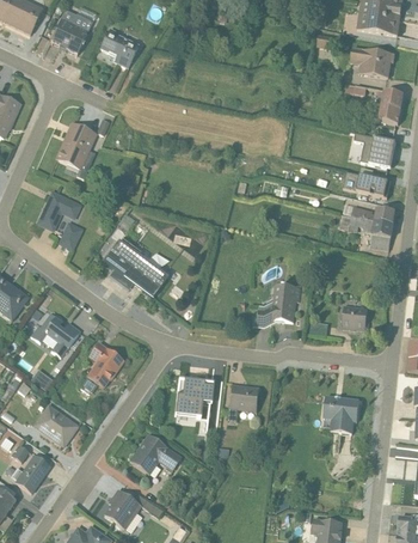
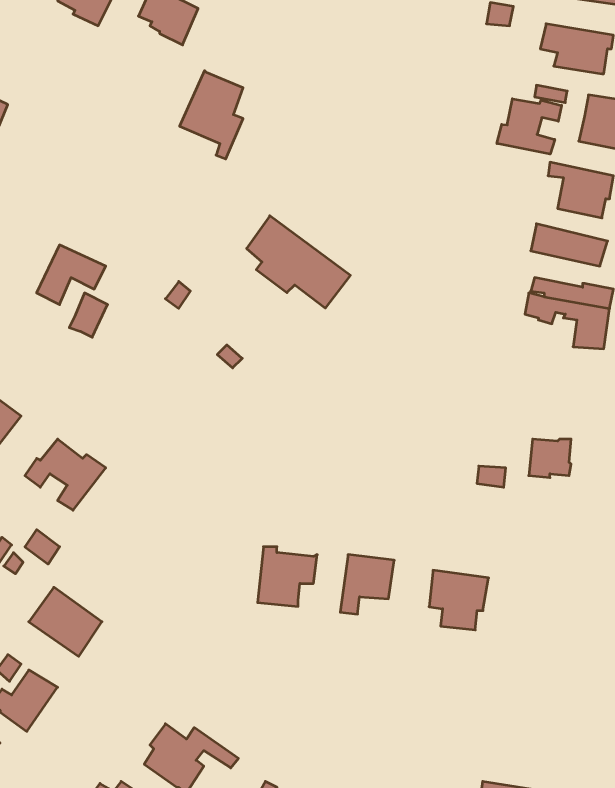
building: none -> [497,99,562,154]
building: [56,122,96,177] -> [180,71,243,159]
building: [104,239,168,297] -> [247,216,350,308]
building: [254,289,302,328] -> none
building: [81,342,124,390] -> none
building: [325,402,362,439] -> [429,570,489,630]
building: [130,433,182,476] -> none

